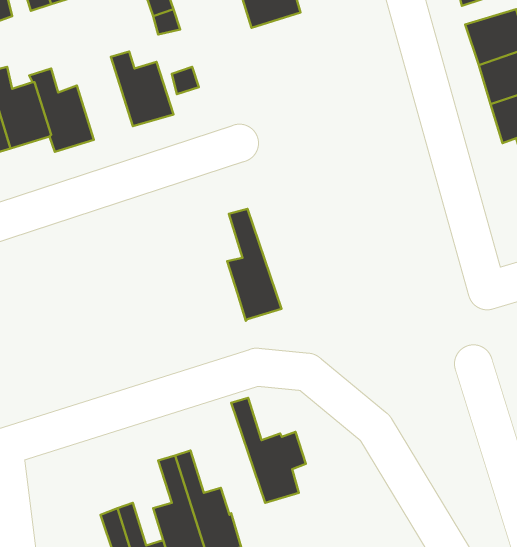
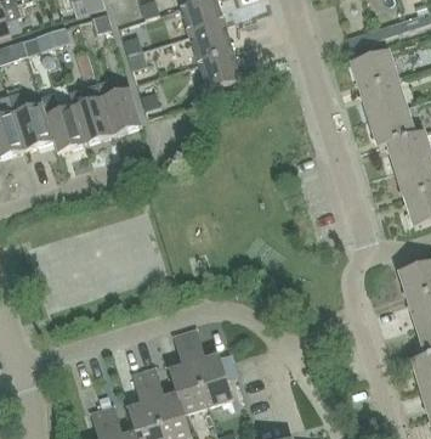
building: none -> [198,52,243,91]
building: none -> [73,84,113,143]
building: [227,209,282,321] -> [169,332,208,412]

